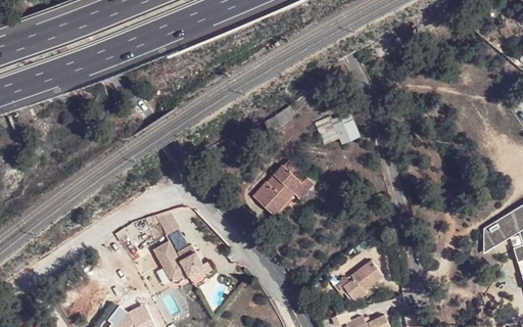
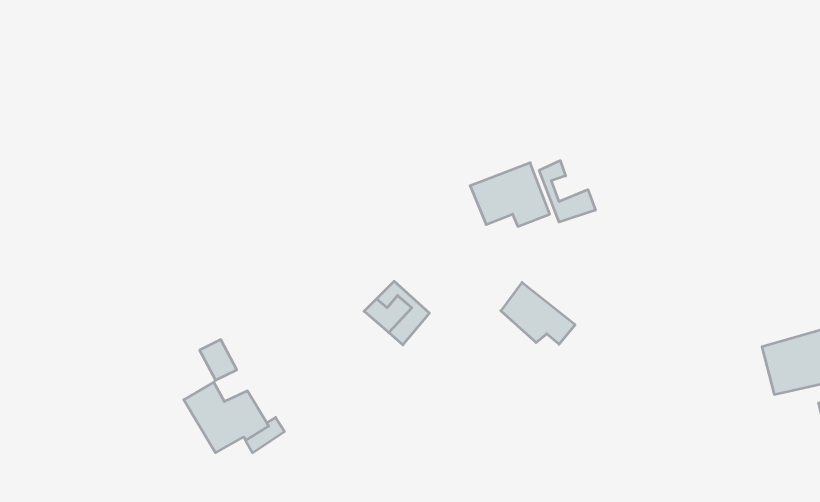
building: none -> [539,161,595,222]
building: [271,164,314,199] -> [501,282,575,344]
building: [346,262,385,302] -> none

